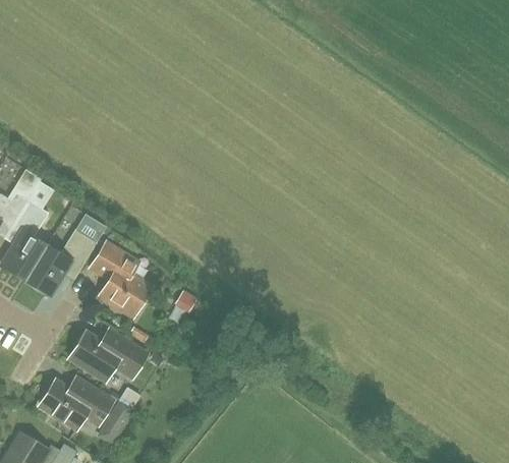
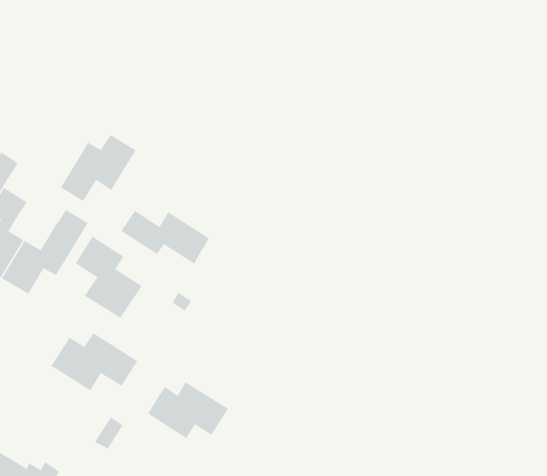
building: none -> [60,134,136,202]
building: none -> [121,210,210,264]
building: [40,377,112,427] -> [147,381,229,439]

